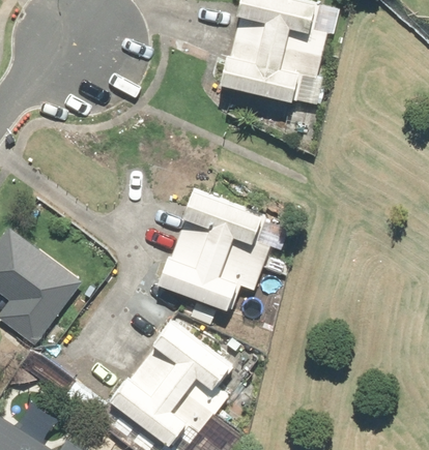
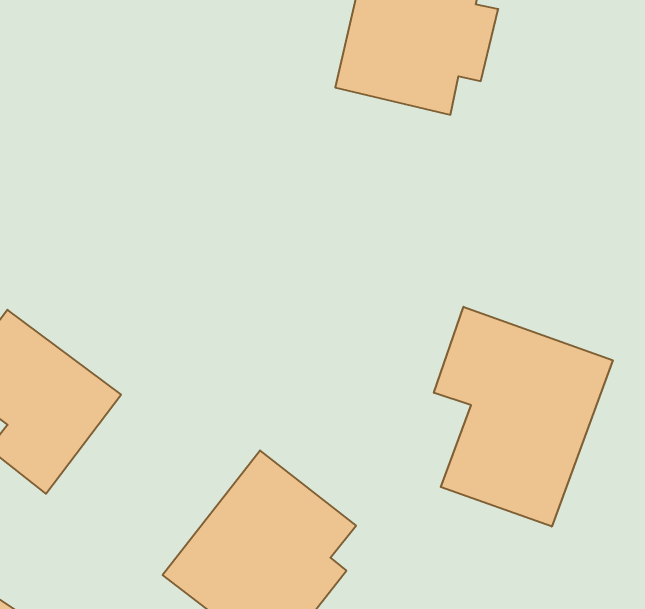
building: [160,189,270,309] -> none
building: none -> [434,307,613,527]

